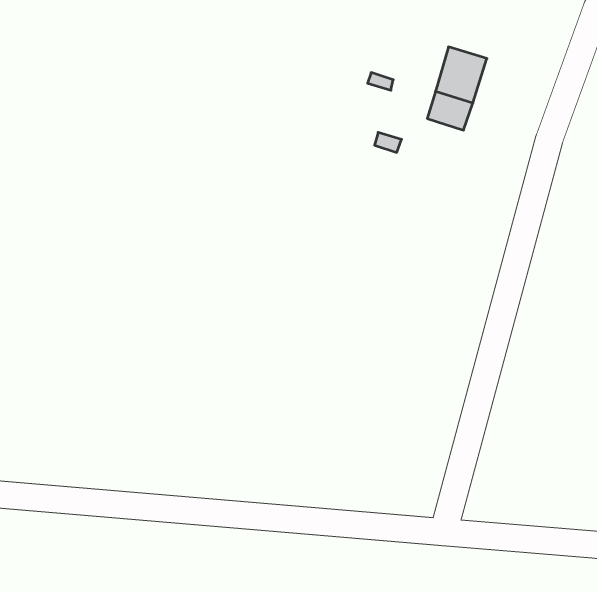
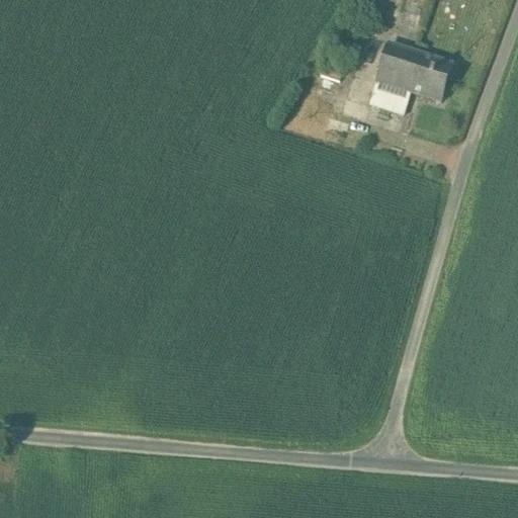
building: none -> [409,51,452,99]

